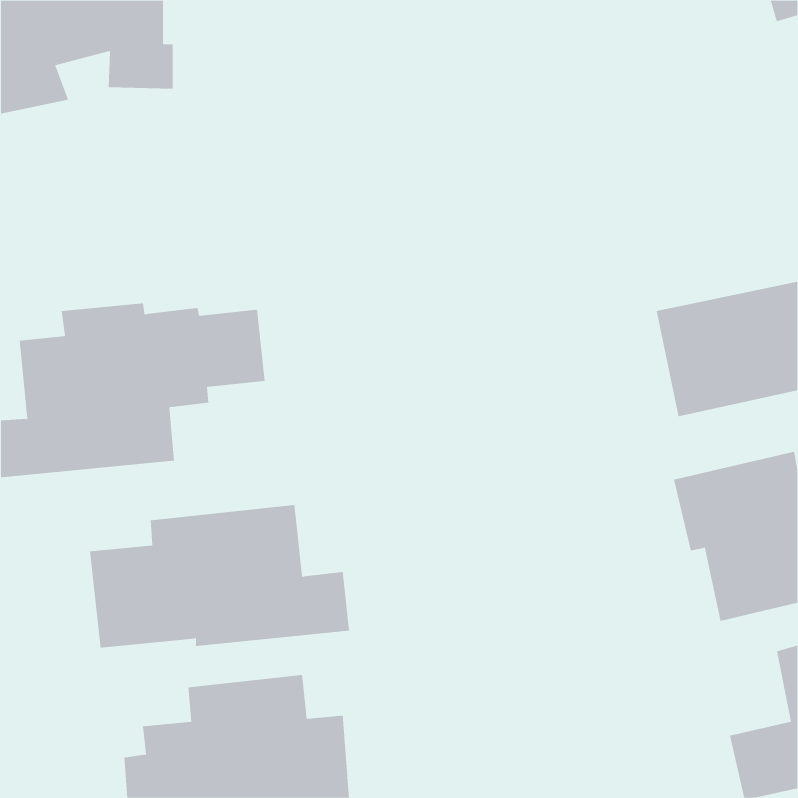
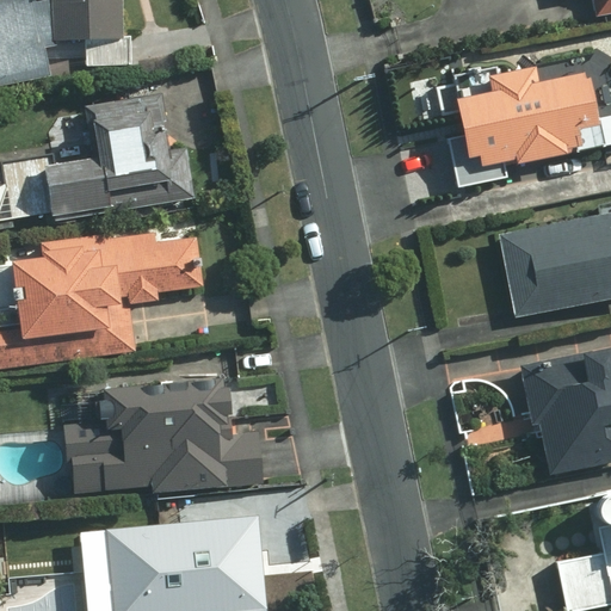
building: none -> [445,64,605,189]
building: none -> [6,93,195,226]

